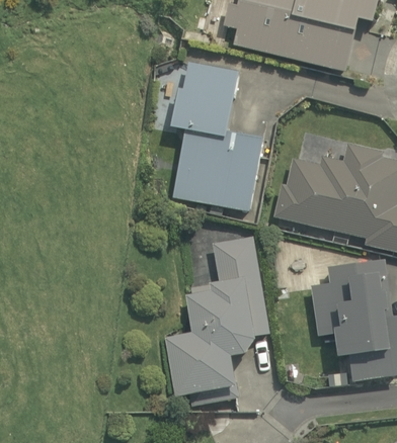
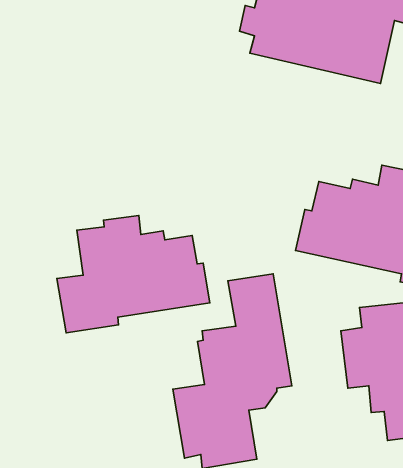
building: [169,62,262,211] -> none
building: none -> [57,215,210,333]

